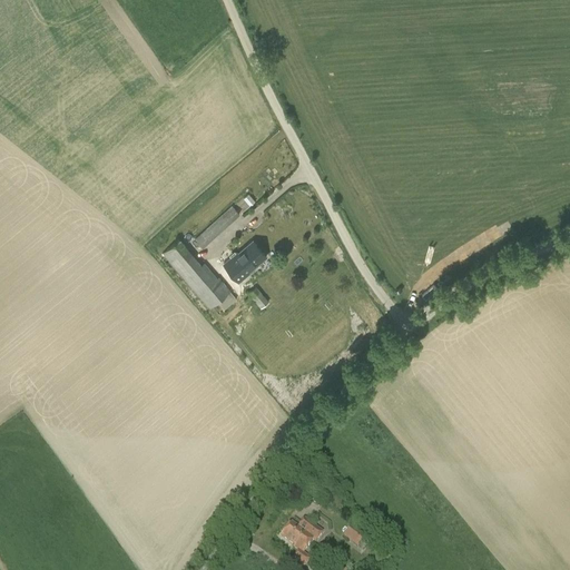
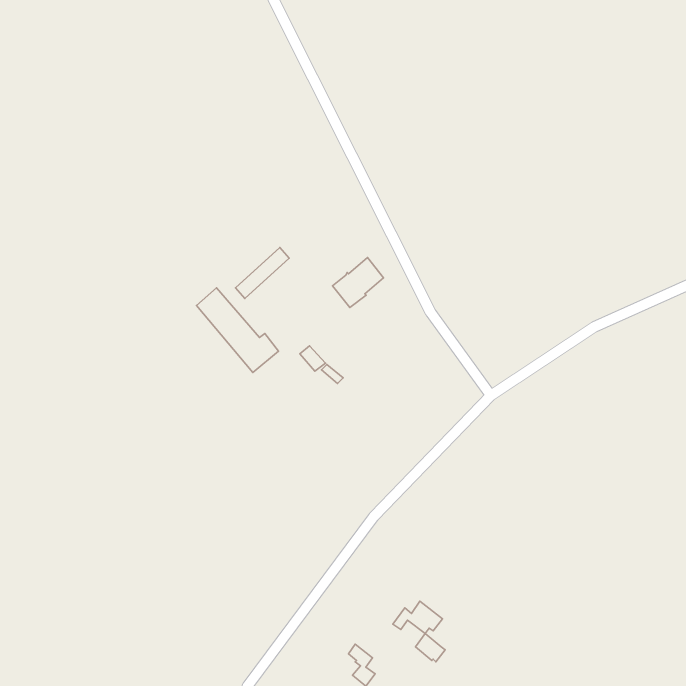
building: [225,239,267,281] -> [333,258,384,307]
building: [283,518,324,544] -> [393,601,443,634]

